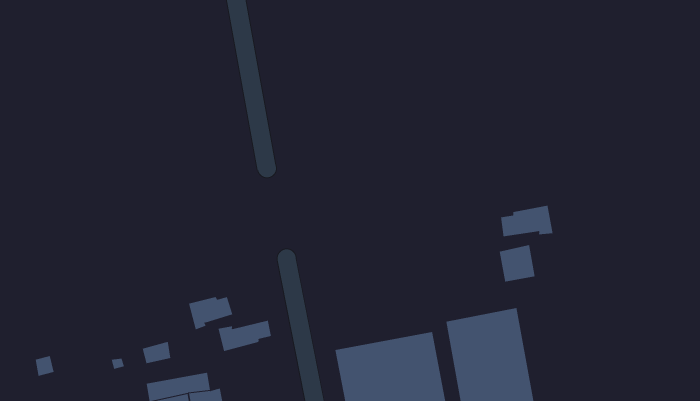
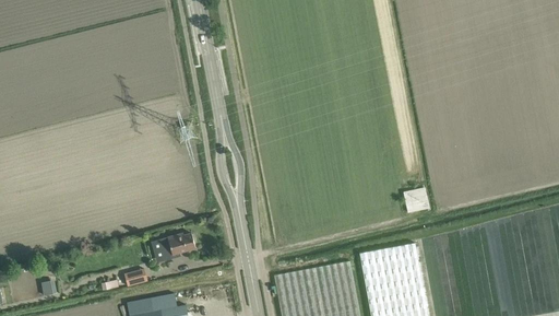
building: [500,205,553,237] -> none
building: [218,320,271,352] -> none

